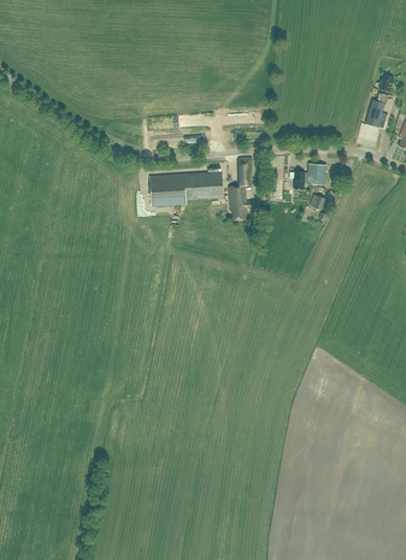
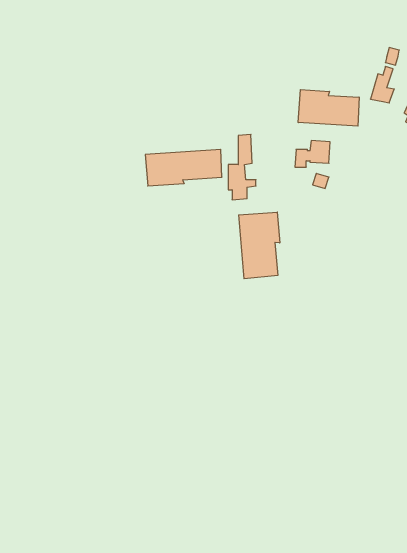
building: none -> [298,90,359,126]
building: none -> [239,212,280,279]

